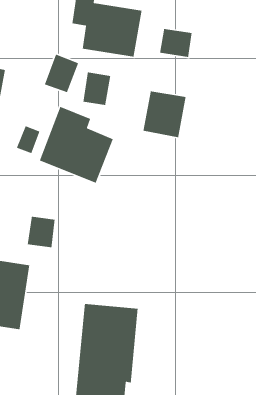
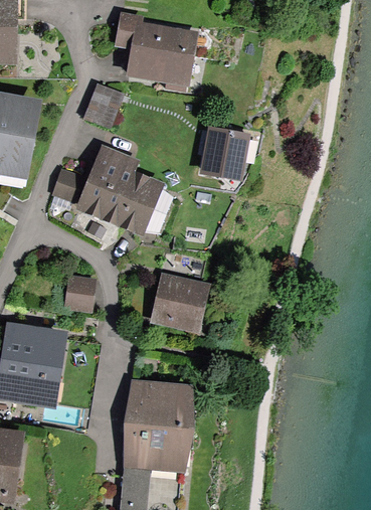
building: [159,28,193,58] -> none
building: [83,72,111,106] -> none
building: none -> [149,270,211,333]

